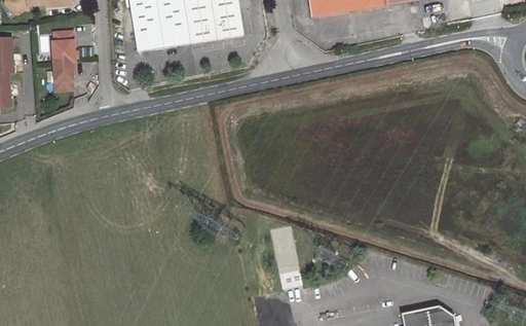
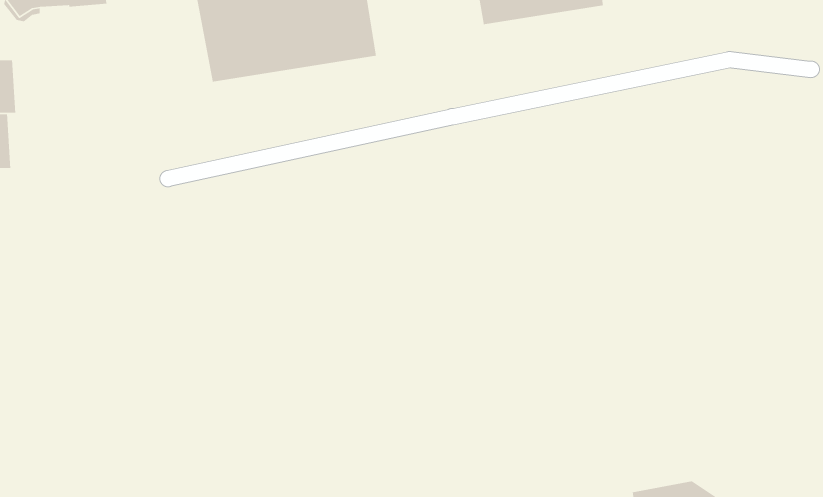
building: [52,32,75,92] -> none

